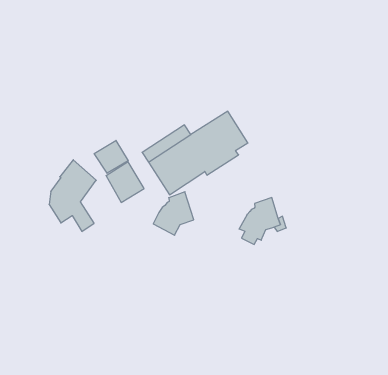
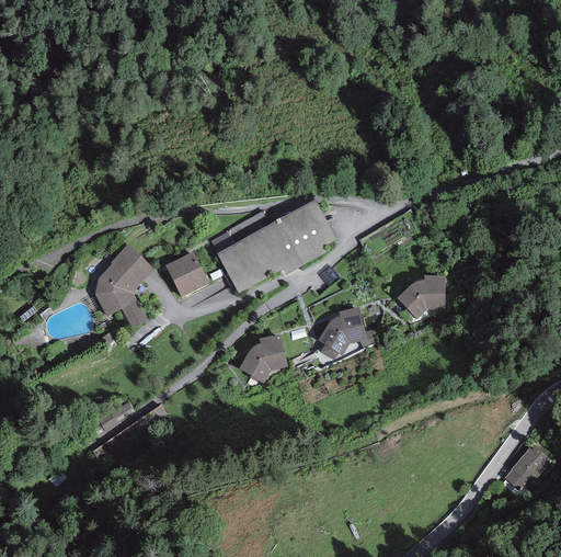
building: [94,140,128,173] -> none
building: none -> [397,274,445,319]
building: [153,192,194,235] -> [239,332,287,383]

